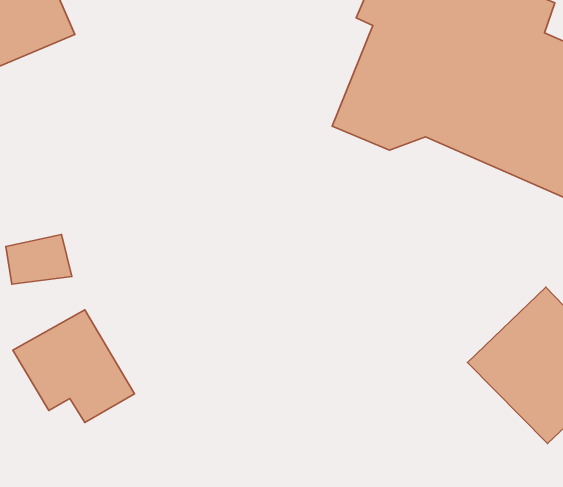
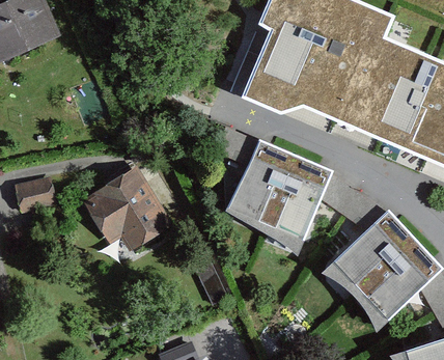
building: none -> [227,139,331,240]
building: [13,310,135,423] -> [84,169,168,247]

